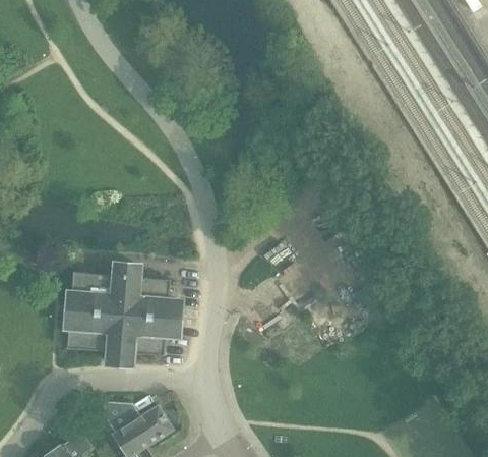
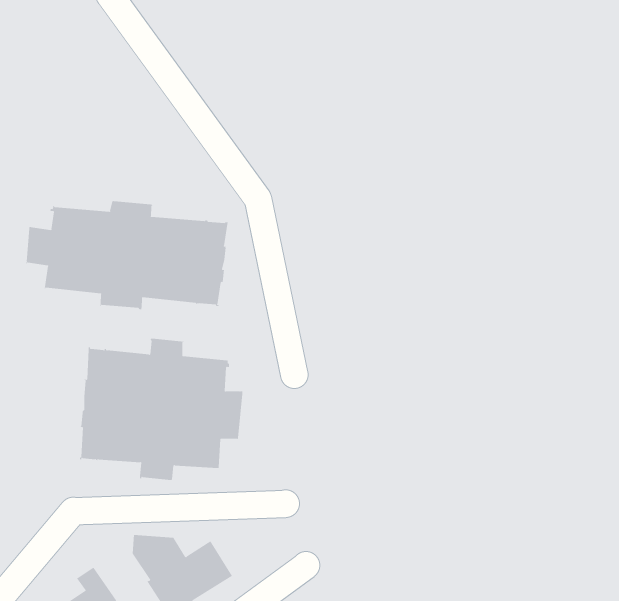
building: none -> [26,200,229,310]

